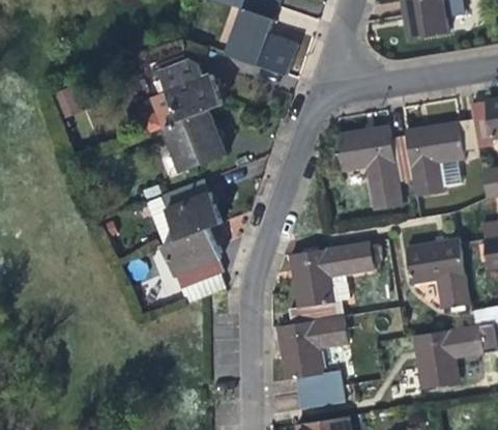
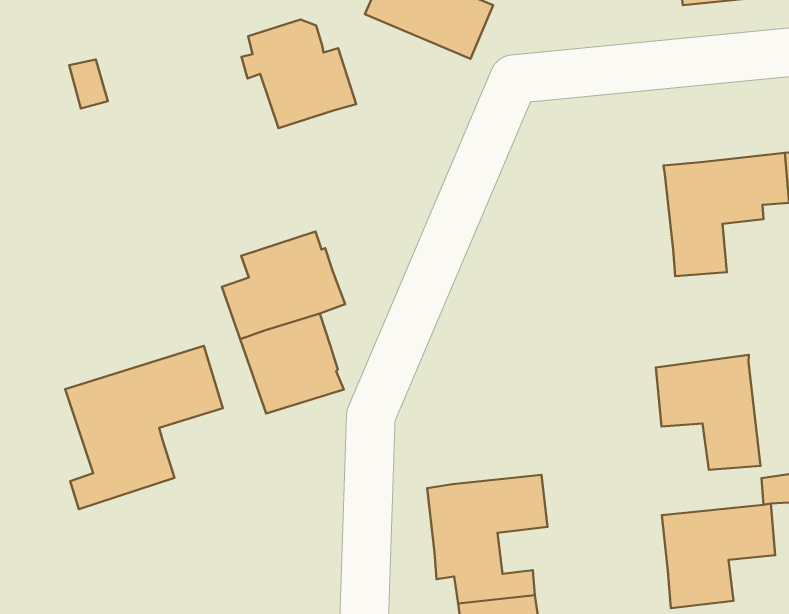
building: [162,109,227,172] -> none
building: [336,126,412,209] -> none
building: [289,241,372,323] -> none
building: none -> [65,346,223,509]

